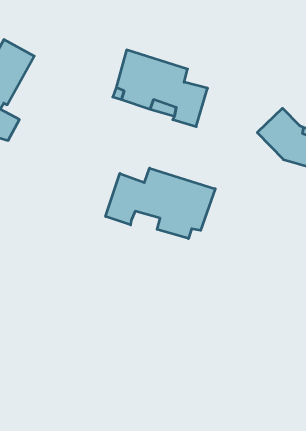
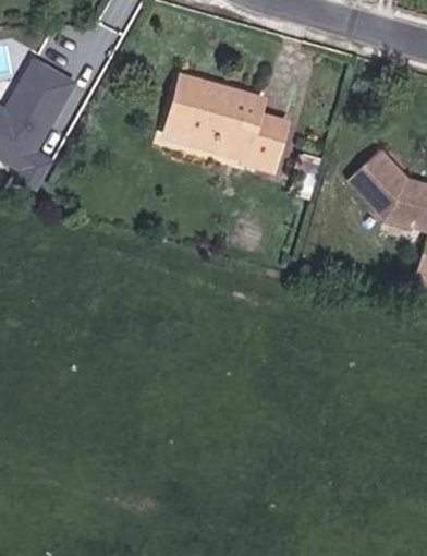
building: [106,168,215,239] -> none

